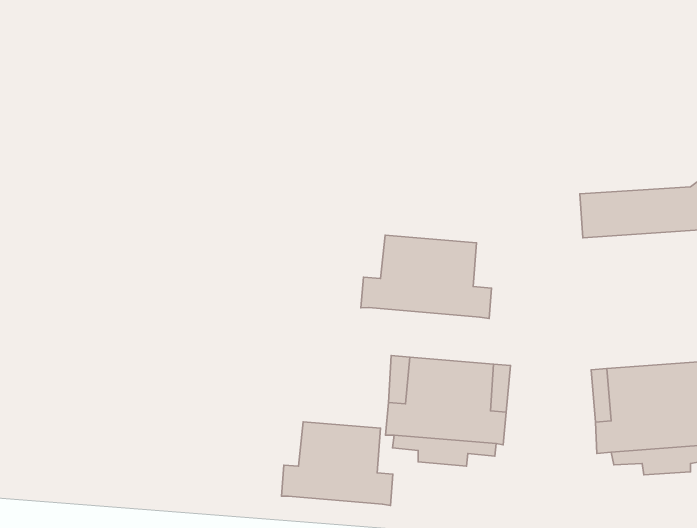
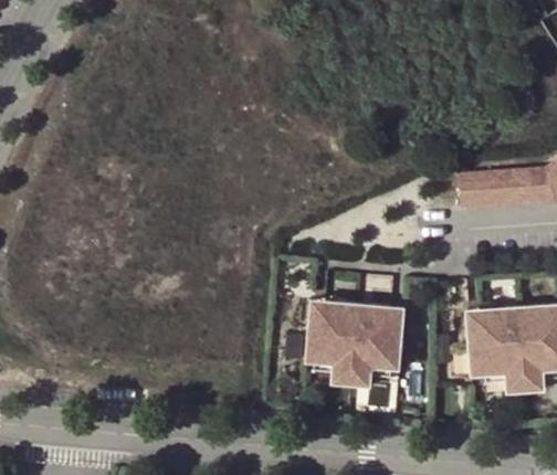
building: [361,235,492,319] -> none
building: [281,422,393,505] -> none

